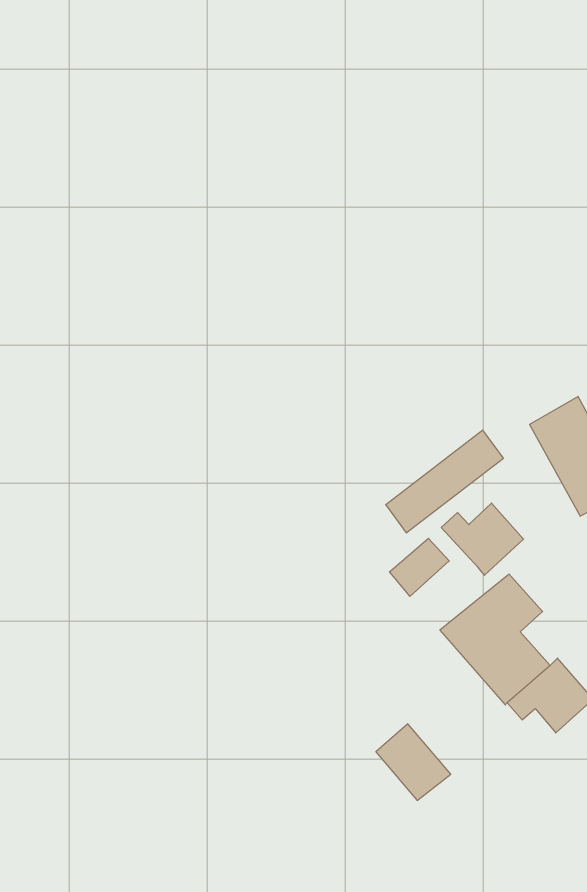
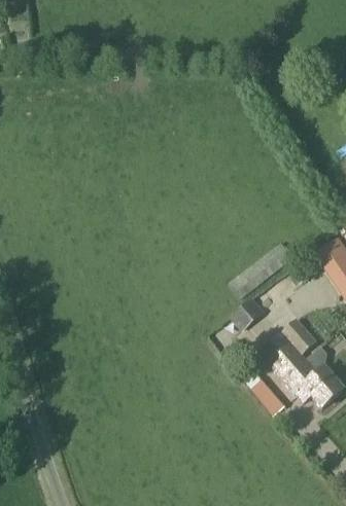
building: [441,503,524,575] -> none
building: [376,724,451,800] -> [253,372,295,414]

